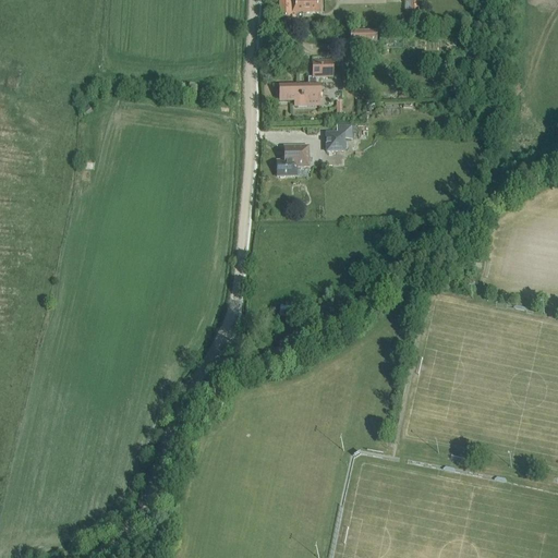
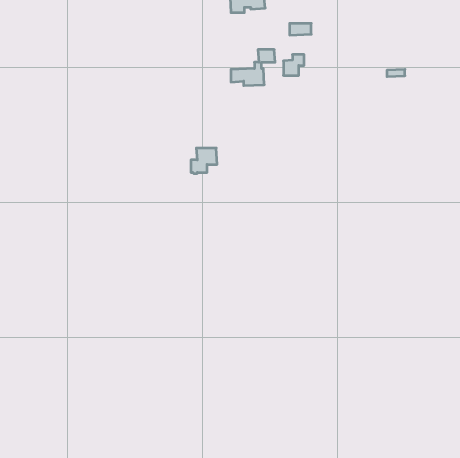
building: [327,124,352,149] -> [283,55,304,75]
building: [278,145,310,175] -> [191,148,217,173]

